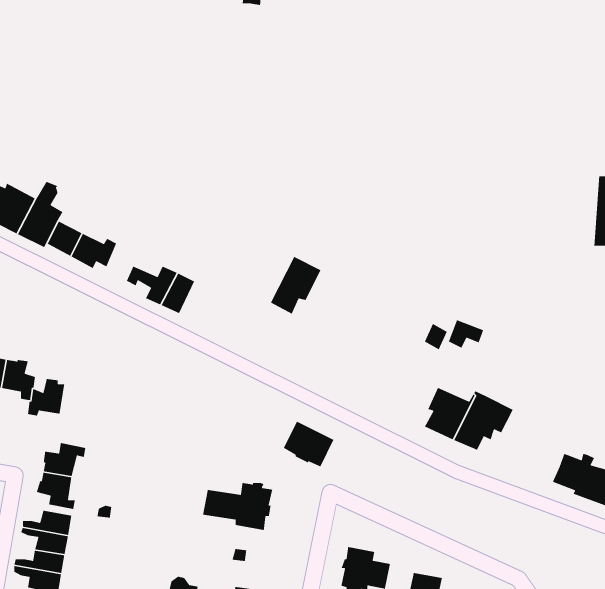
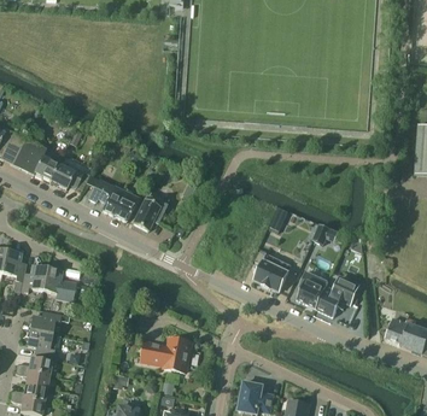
building: [270,256,322,315] -> [133,189,169,230]
building: none -> [43,268,76,300]
building: [283,421,335,467] -> [250,257,286,289]

